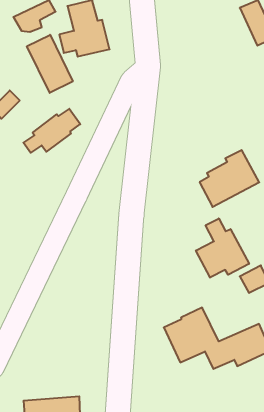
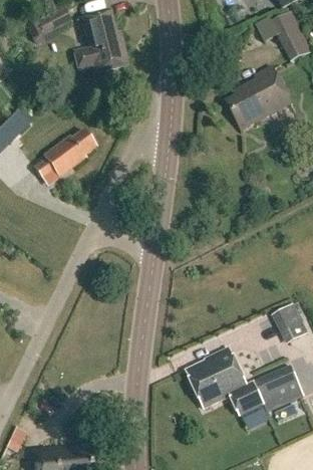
building: [27,35,73,93] -> none
building: [200,150,259,207] -> [227,66,292,129]
building: [196,218,249,278] -> none

